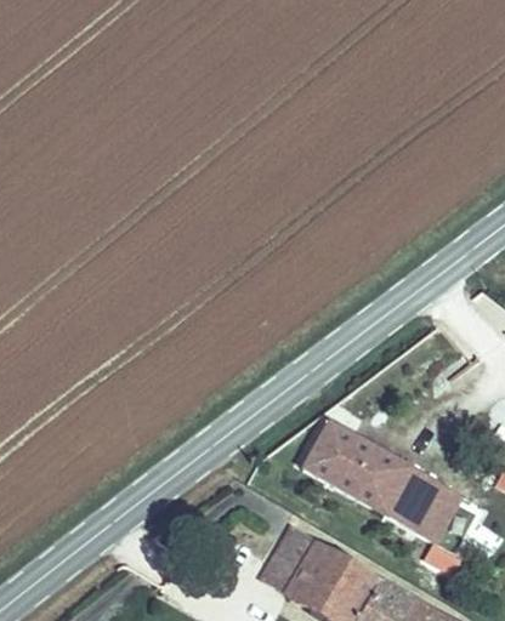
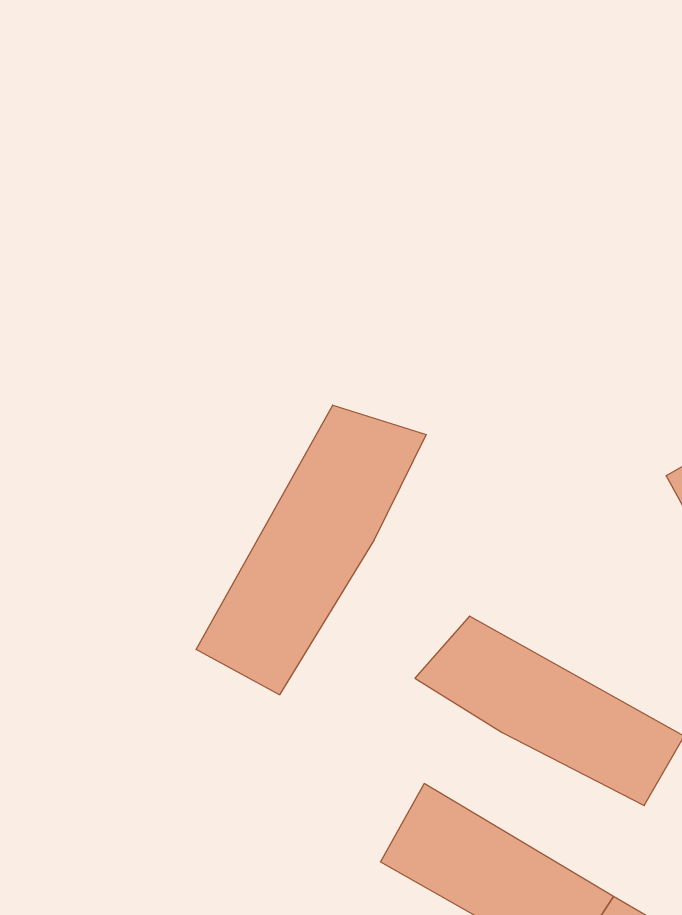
building: none -> [196,405,426,695]

